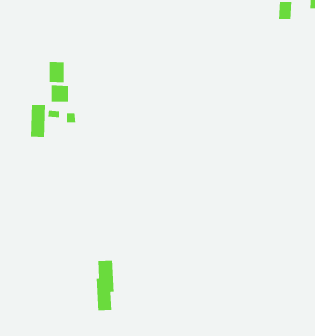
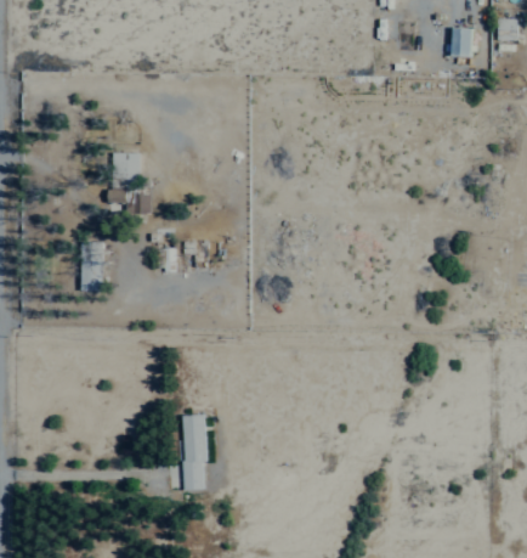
building: [49,61,65,83] -> none
building: [30,104,46,138] -> [80,242,103,292]

